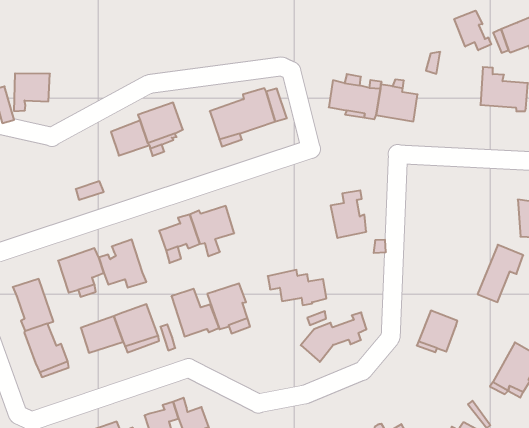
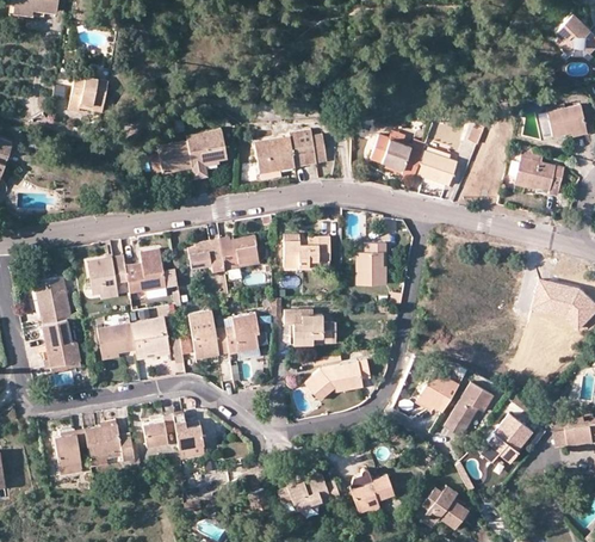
building: [454,11,491,50] -> none
building: none -> [284,234,329,267]
building: [478,245,523,302] -> [444,382,494,437]

